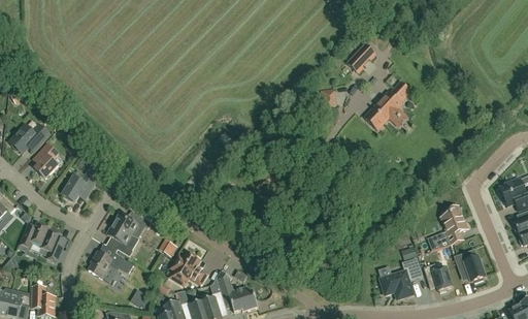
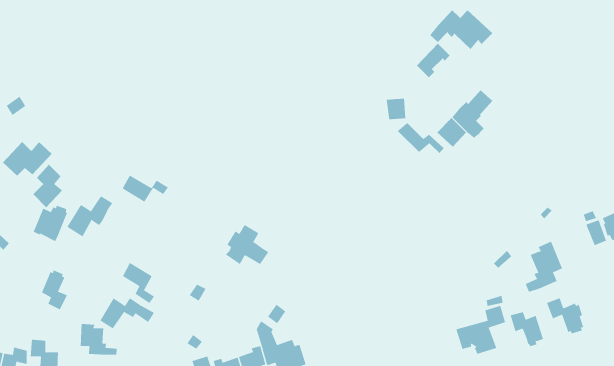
building: none -> [430,10,493,50]
building: none -> [397,122,445,154]
building: [113,212,152,234] -> [122,175,169,203]
building: [21,222,50,252] -> [33,205,68,242]
building: [171,251,207,284] -> [225,224,269,265]
building: none -> [80,323,117,356]

